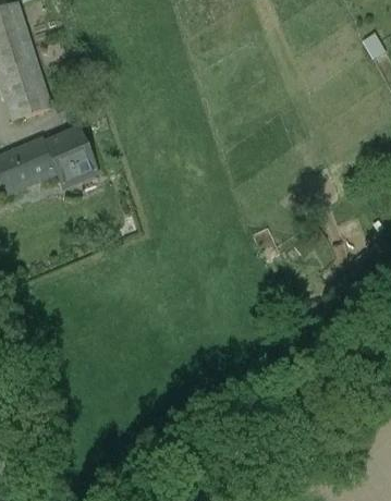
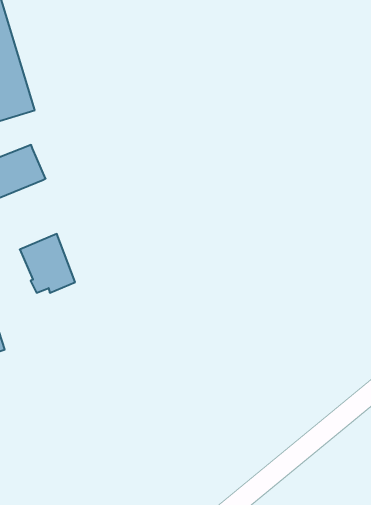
building: [47,127,97,181] -> [20,234,75,293]

